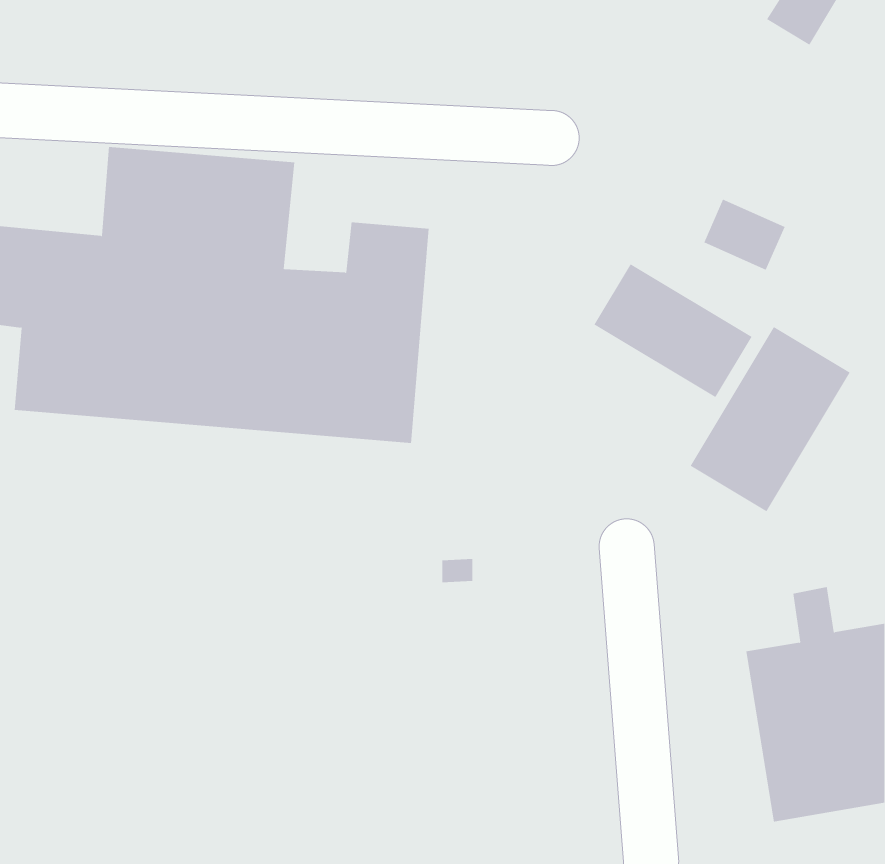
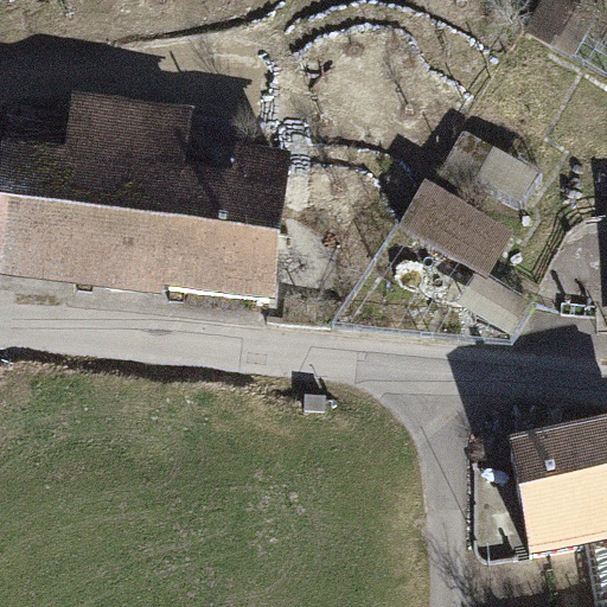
building: [690,326,851,512] -> none

